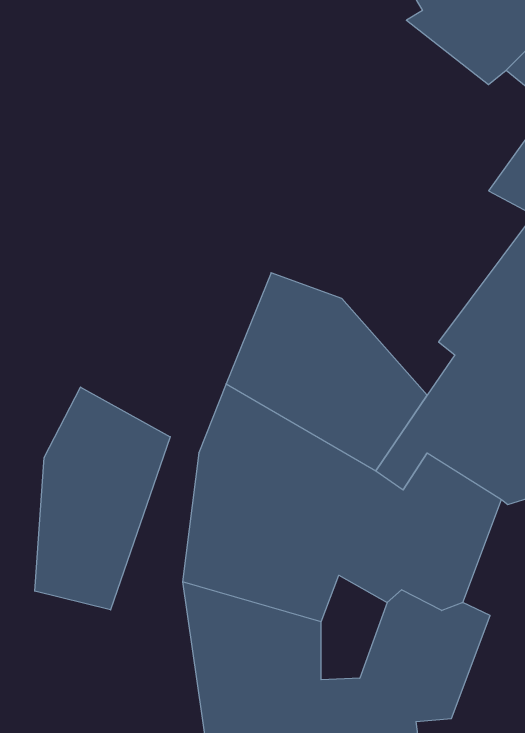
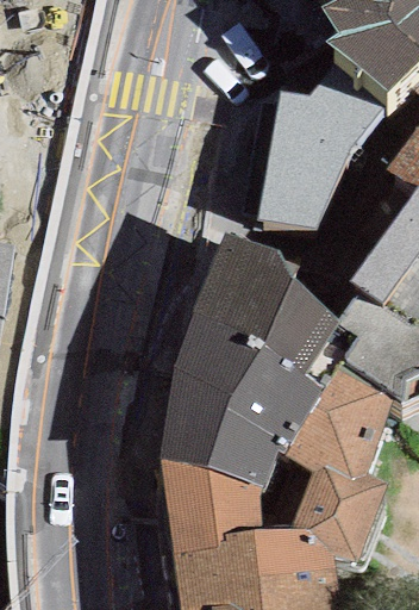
building: none -> [257,87,384,229]
building: [35,387,170,610] -> none

